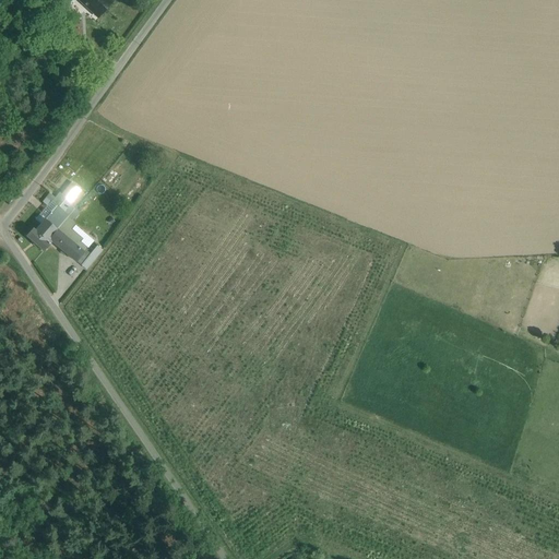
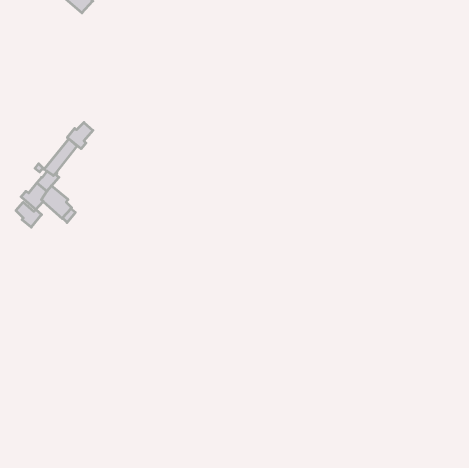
building: none -> [67,122,93,149]
building: none -> [16,202,42,227]

